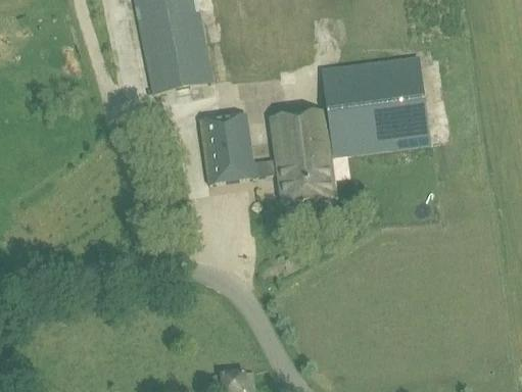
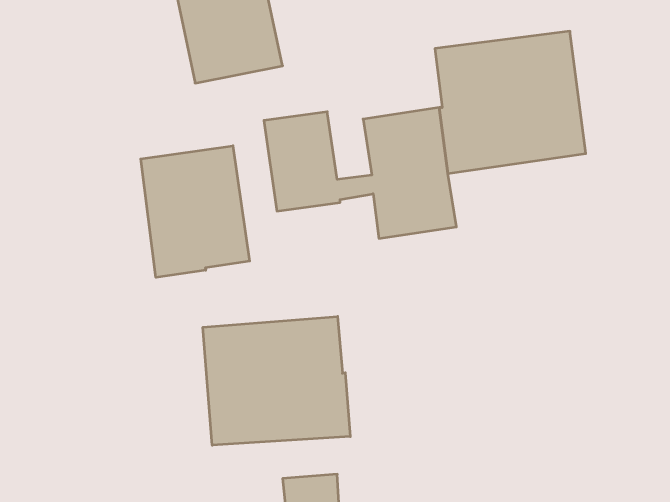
building: none -> [141,146,250,277]
building: none -> [203,316,350,445]

